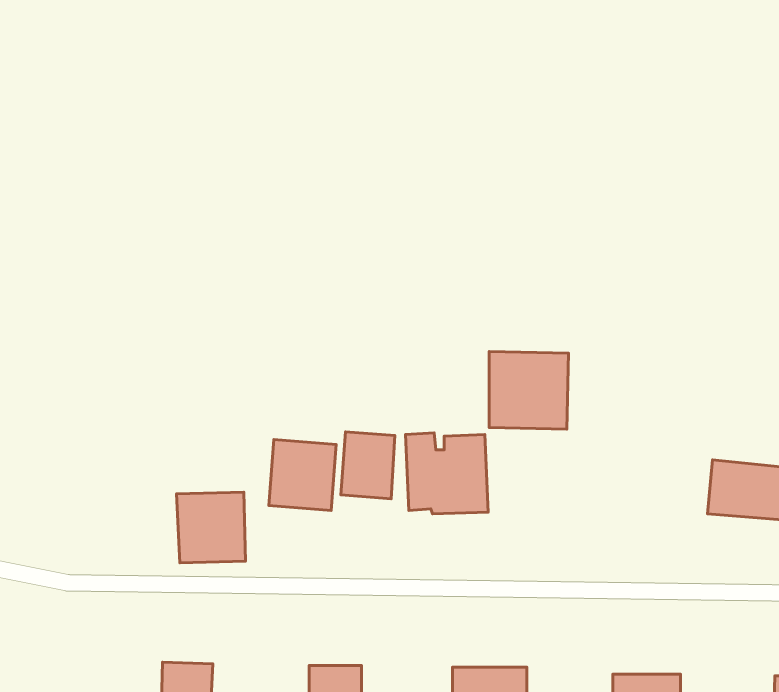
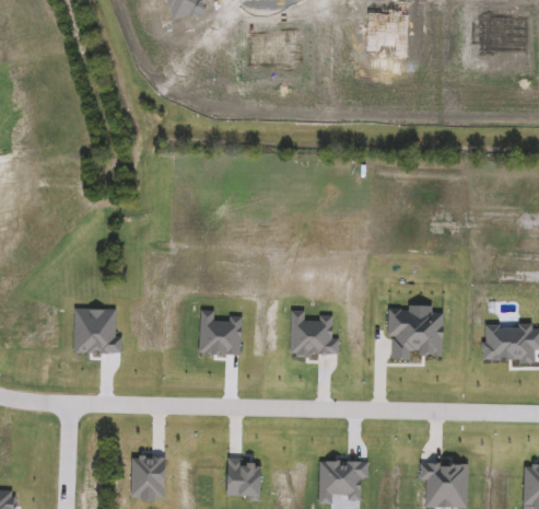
building: [489,352,568,429] -> [391,312,443,362]
building: [341,432,395,499] -> none
building: [176,492,246,563] -> [73,306,118,352]

